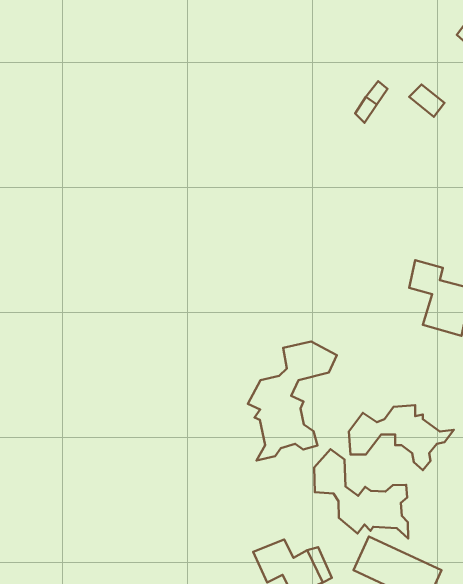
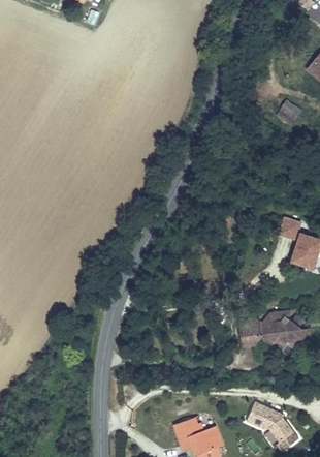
building: [248,342,337,460] -> none
building: [314,449,408,539] -> none

